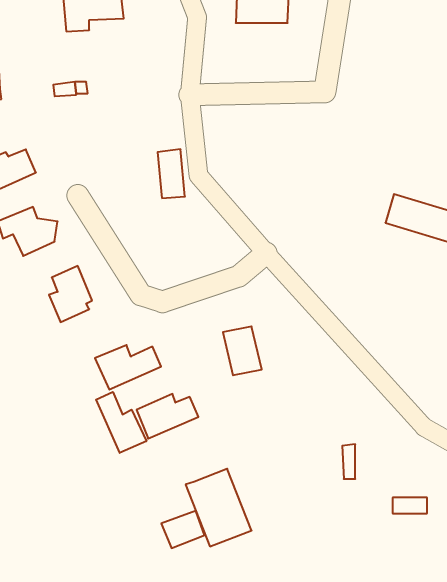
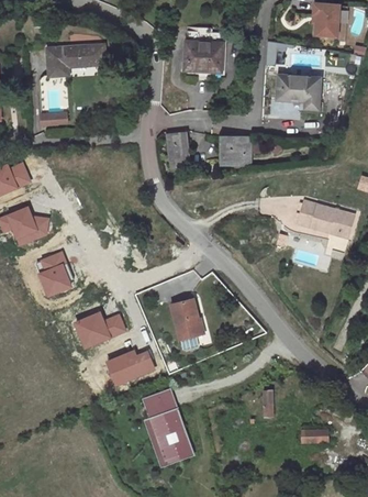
building: none -> [281,65,325,102]
building: none -> [221,135,248,168]
building: [158,149,185,198] -> [166,133,187,170]
building: [96,392,146,453] -> none
building: [161,511,204,548] -> [142,389,175,418]

